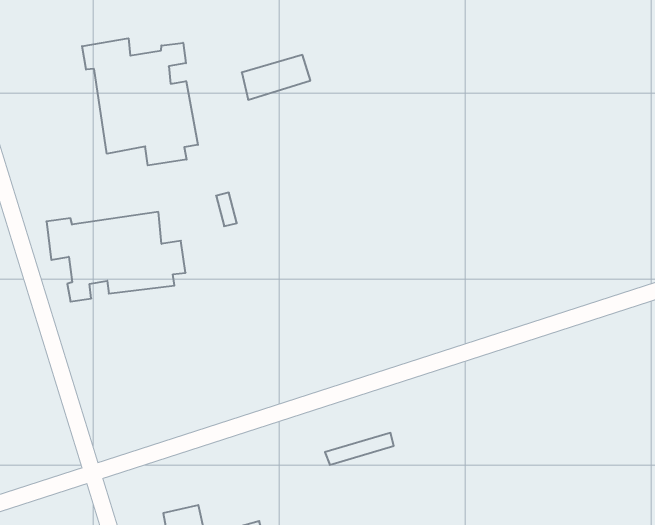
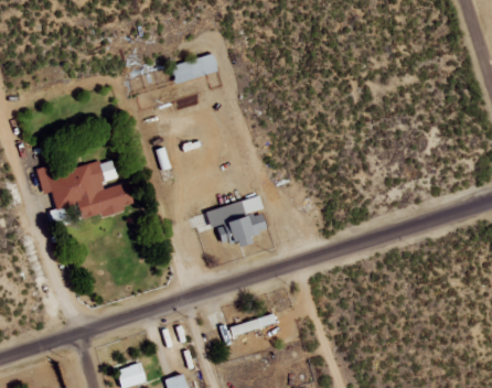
building: [82,38,198,165] -> none
building: none -> [205,196,267,246]

